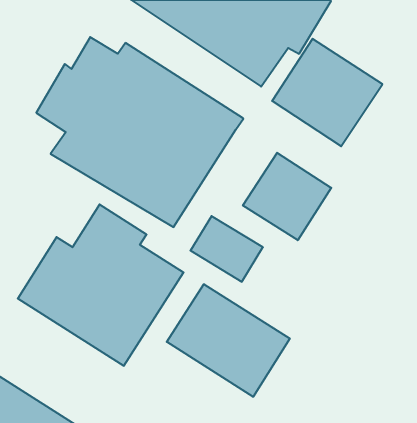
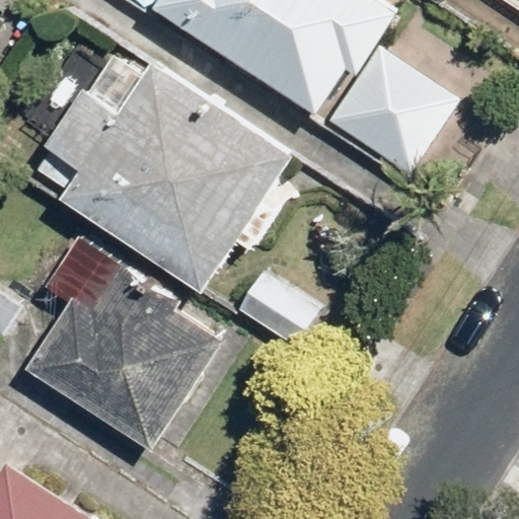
building: [243,153,331,240] -> none
building: [167,284,290,397] -> none

